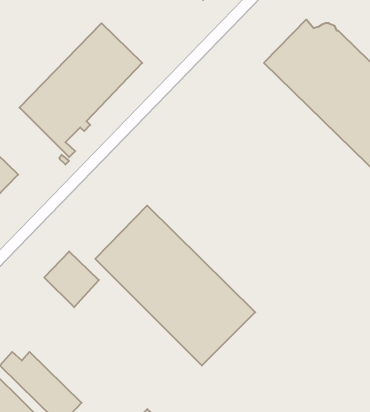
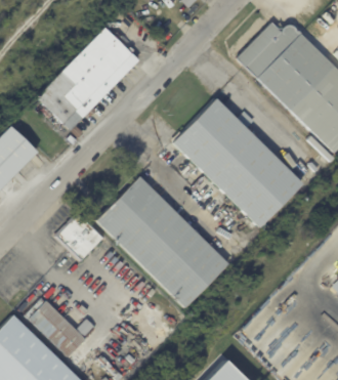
building: none -> [175,99,306,234]

